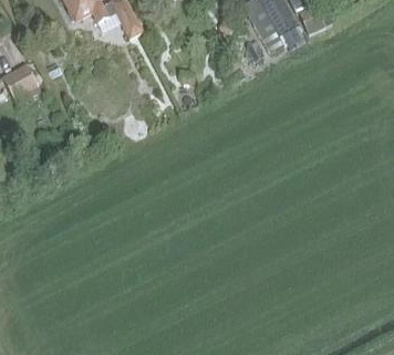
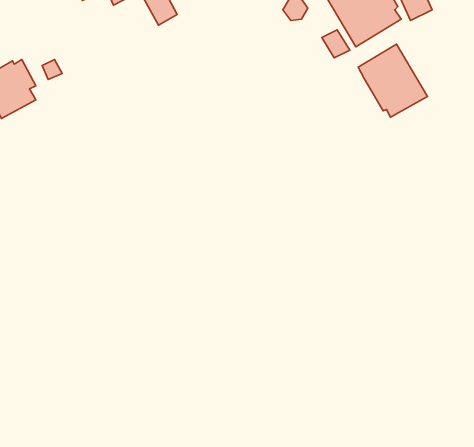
building: none -> [358,44,427,117]

